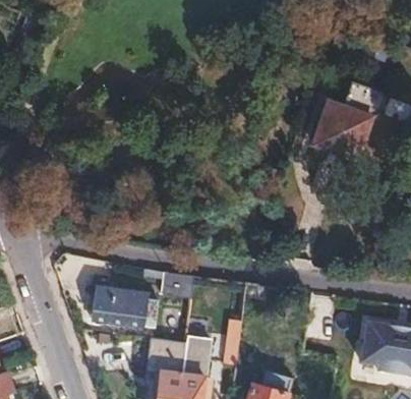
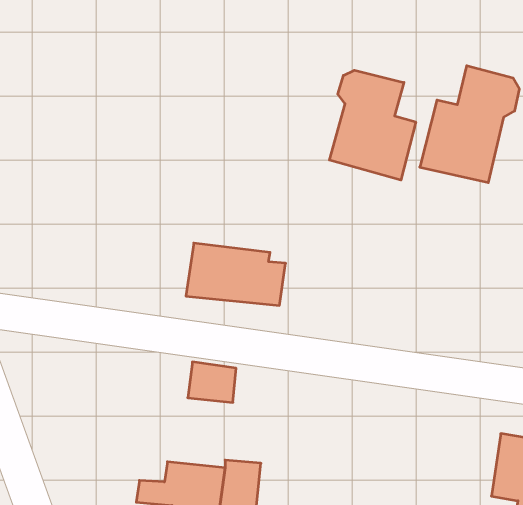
building: none -> [329,70,416,180]
building: [93,285,158,326] -> [186,243,286,305]

